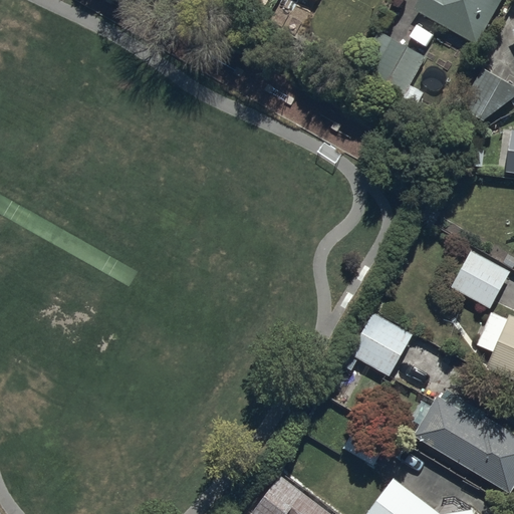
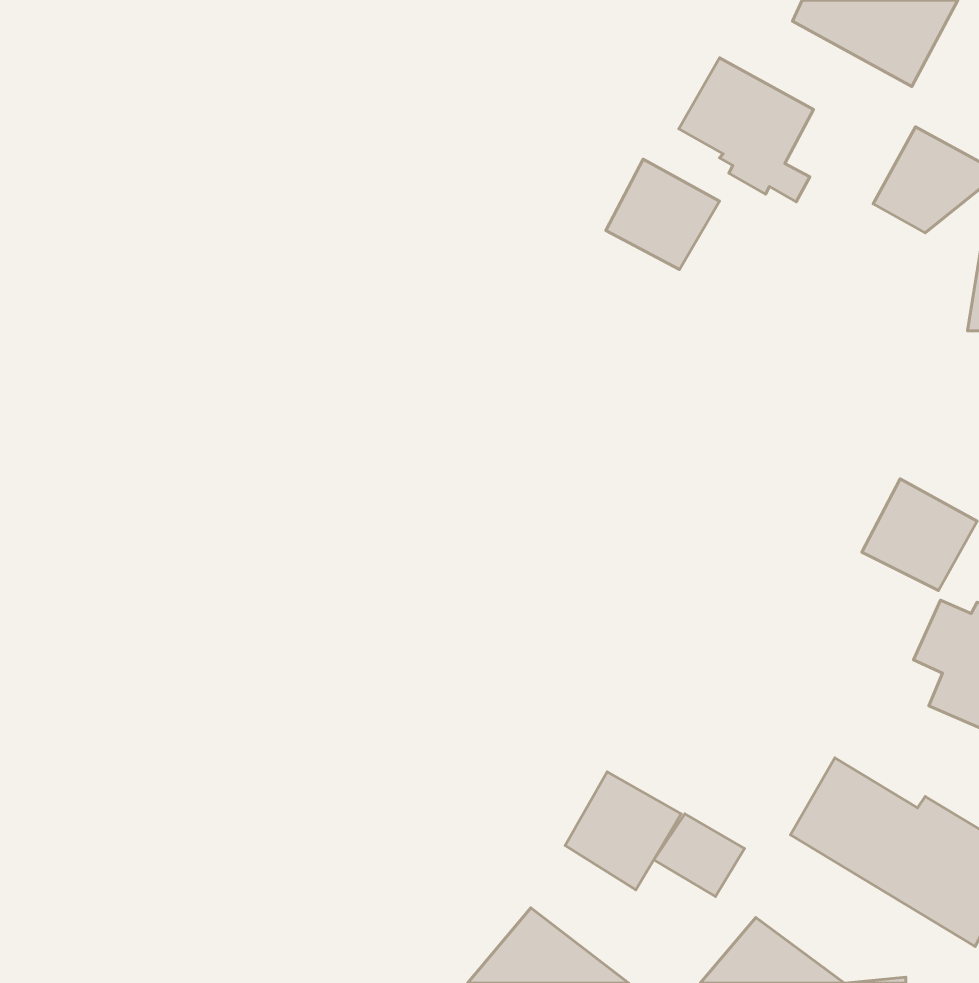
building: none -> [606,159,719,269]
building: [349,310,416,376] -> none
building: none -> [565,772,681,890]

